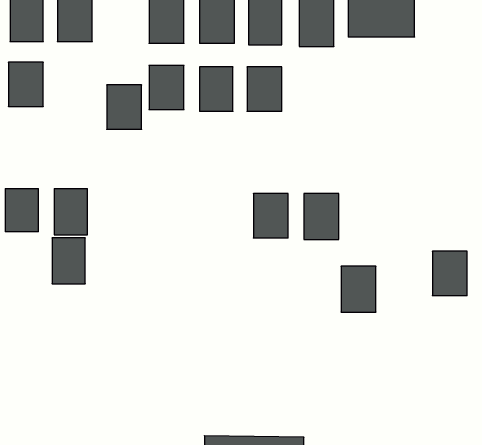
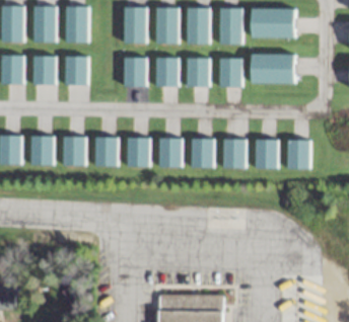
building: none -> [252,54,295,83]
building: none -> [221,59,241,86]
building: [107,85,142,129] -> [66,56,88,84]
building: none -> [128,137,150,166]
building: none -> [160,138,183,167]
building: [52,238,85,284] -> [96,137,118,166]
building: [432,251,467,296] -> [288,140,310,168]
building: [341,266,376,312] -> [256,139,278,168]

